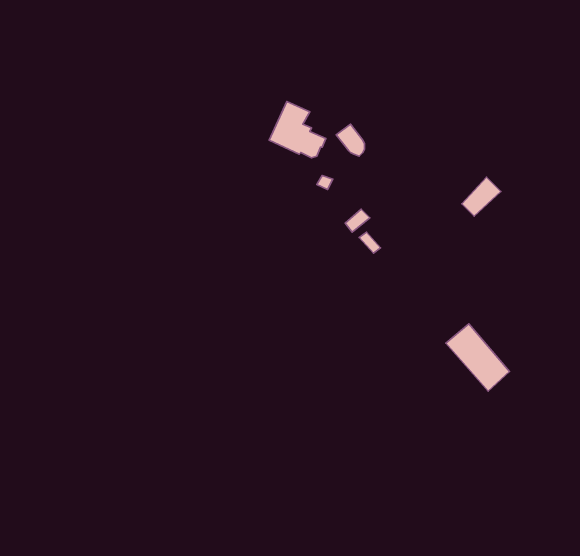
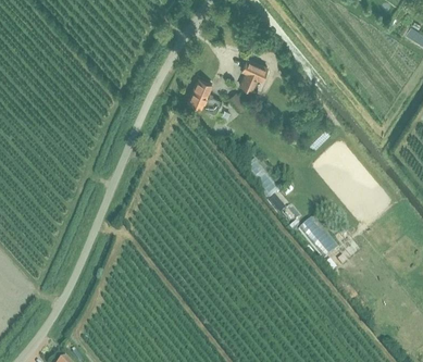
building: none -> [241,59,269,91]

